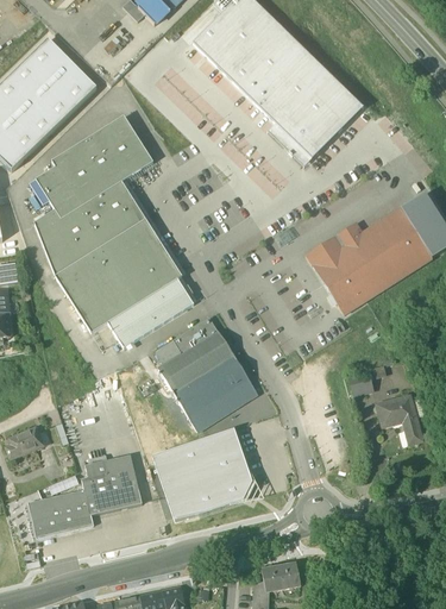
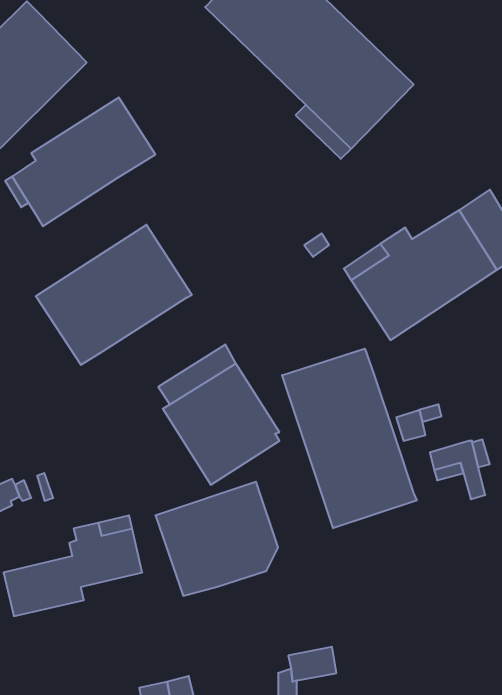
building: [34,181,145,277] -> none
building: [107,278,194,349] -> none
building: none -> [282,349,417,528]

